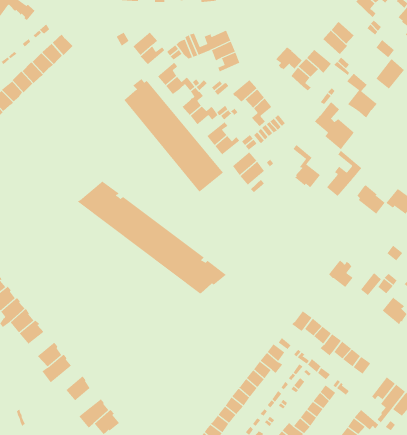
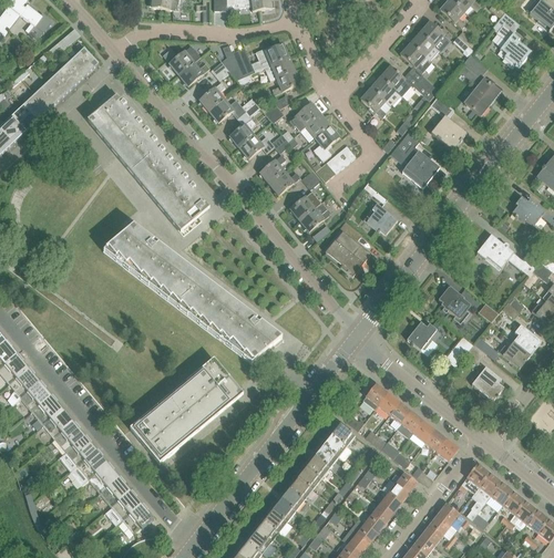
building: none -> [419,21,450,51]
building: [275,46,302,70] -> none
building: [123,78,224,193] -> [88,93,209,231]
building: [326,150,362,197] -> none
building: none -> [327,224,371,277]
building: [356,184,386,215] -> [439,286,474,322]
building: none -> [130,358,243,463]
building: none -> [43,407,75,438]
building: none -> [71,448,110,485]
building: none -> [100,475,132,506]

